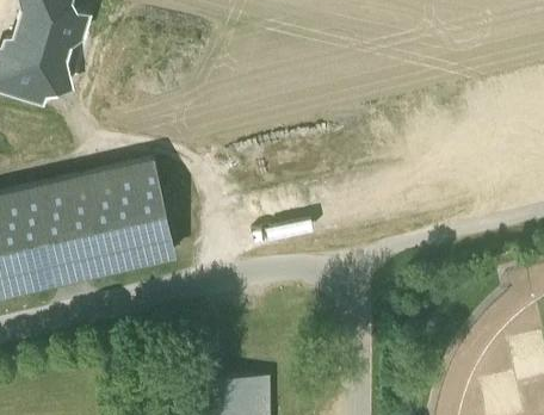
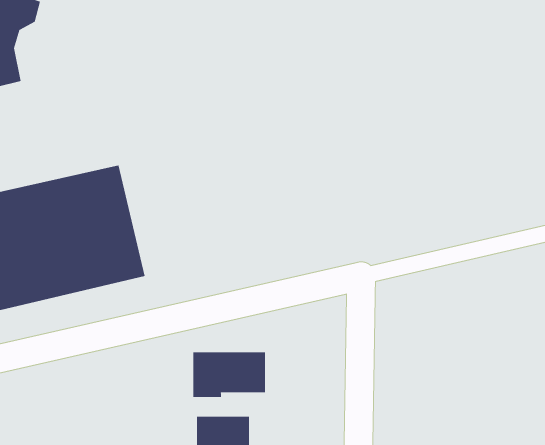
building: none -> [193,352,265,398]

